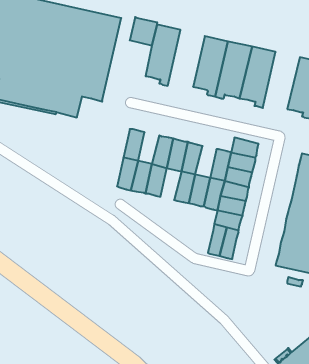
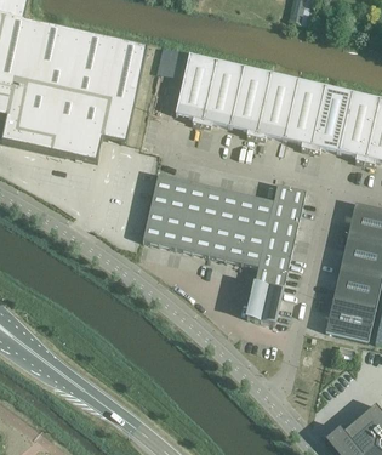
building: none -> [201,59,244,126]
building: none -> [310,85,353,150]
building: none -> [167,177,192,214]
building: none -> [233,193,257,229]
building: none -> [193,218,217,255]

